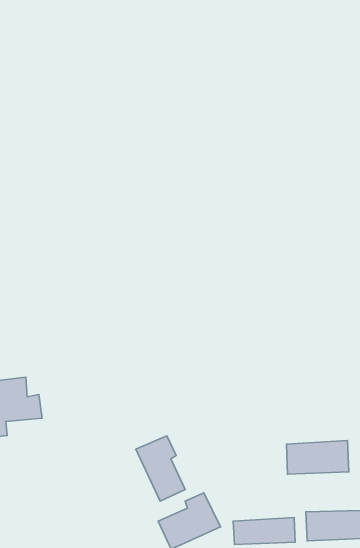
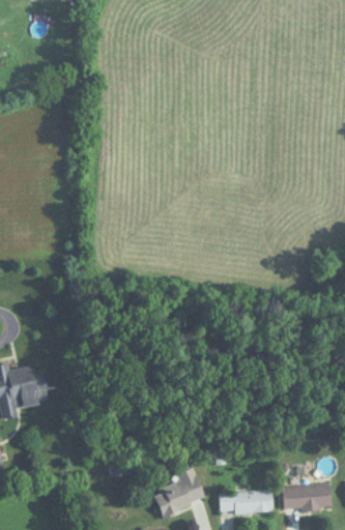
building: [136,436,185,501] -> none
building: [286,441,349,474] -> none

